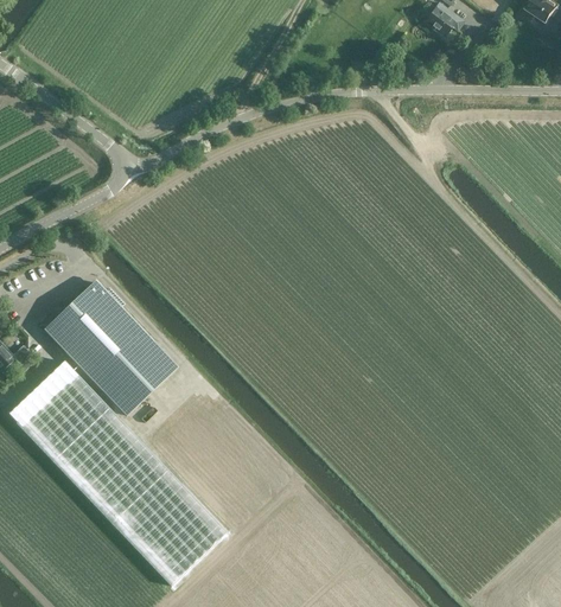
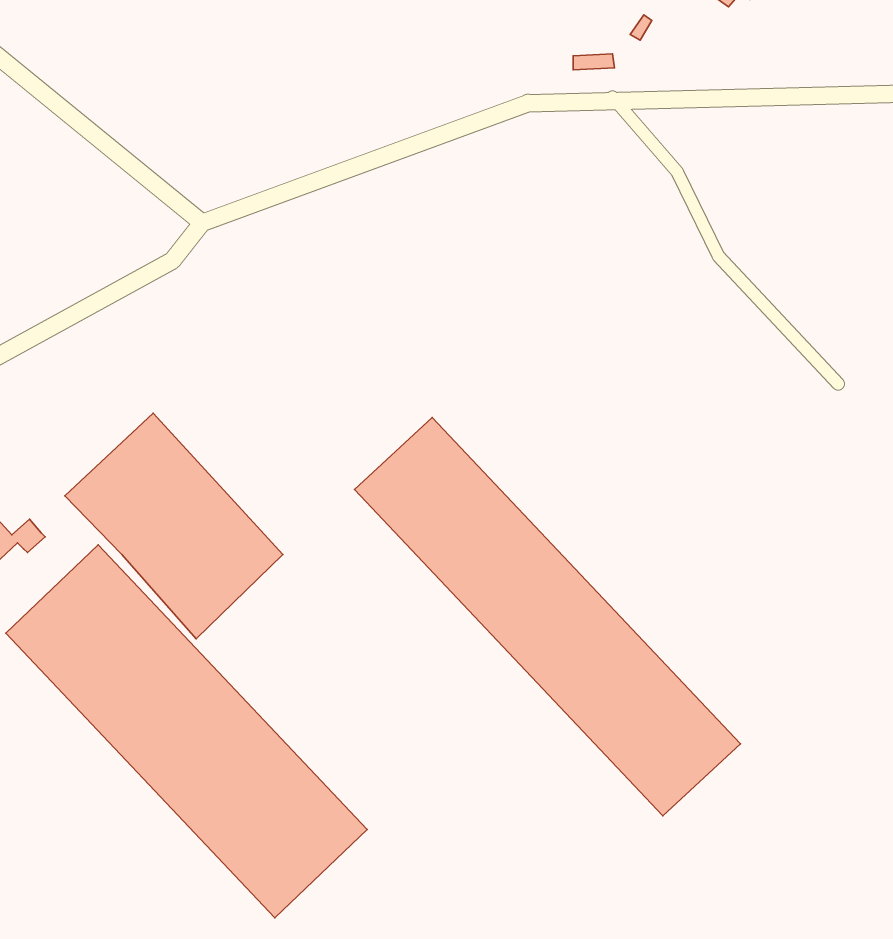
building: none -> [354,417,741,816]

